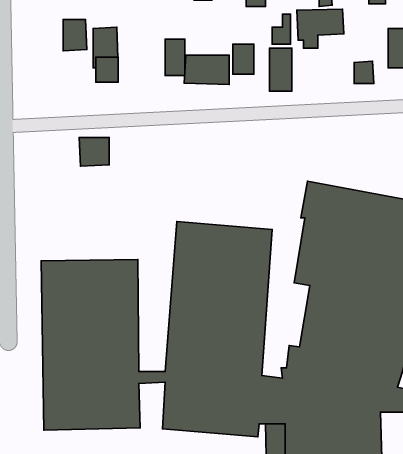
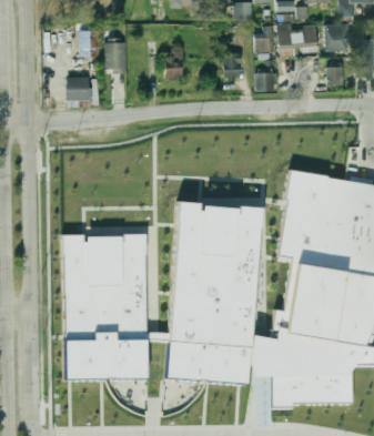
building: none -> [325,24,352,50]
building: [184,55,229,85] -> none
building: [79,137,109,166] -> [65,77,91,101]

